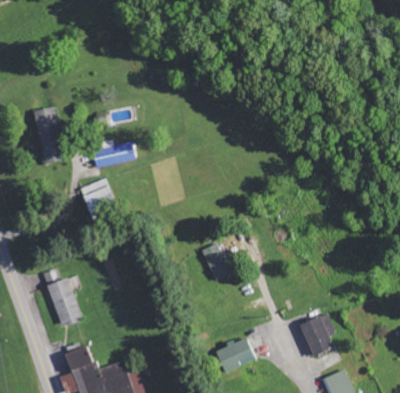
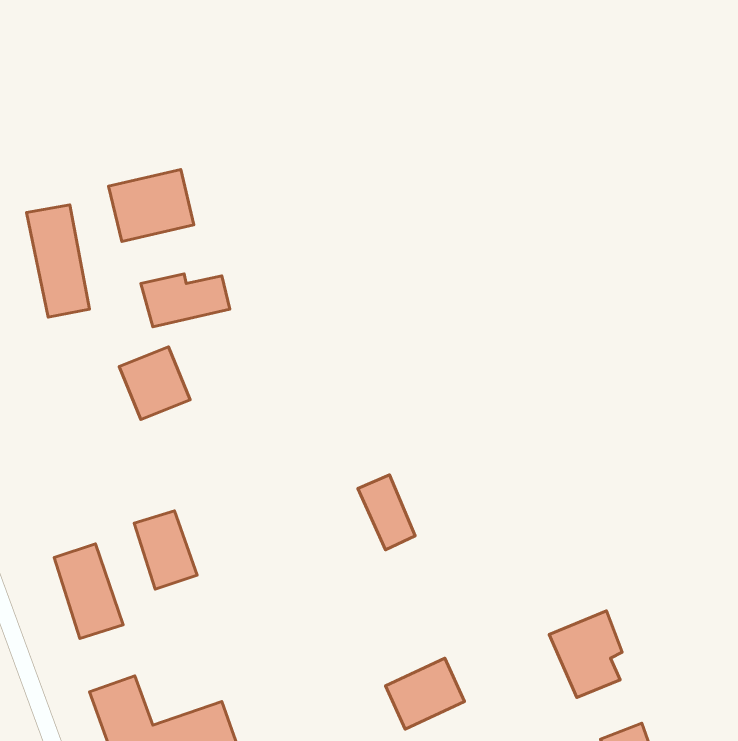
building: none -> [109,170,194,242]
building: none -> [134,511,197,589]

